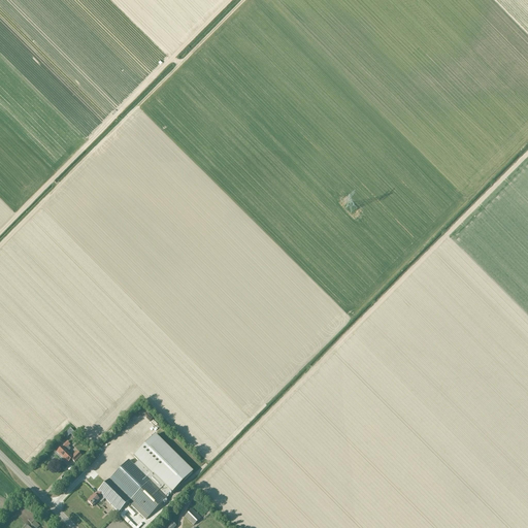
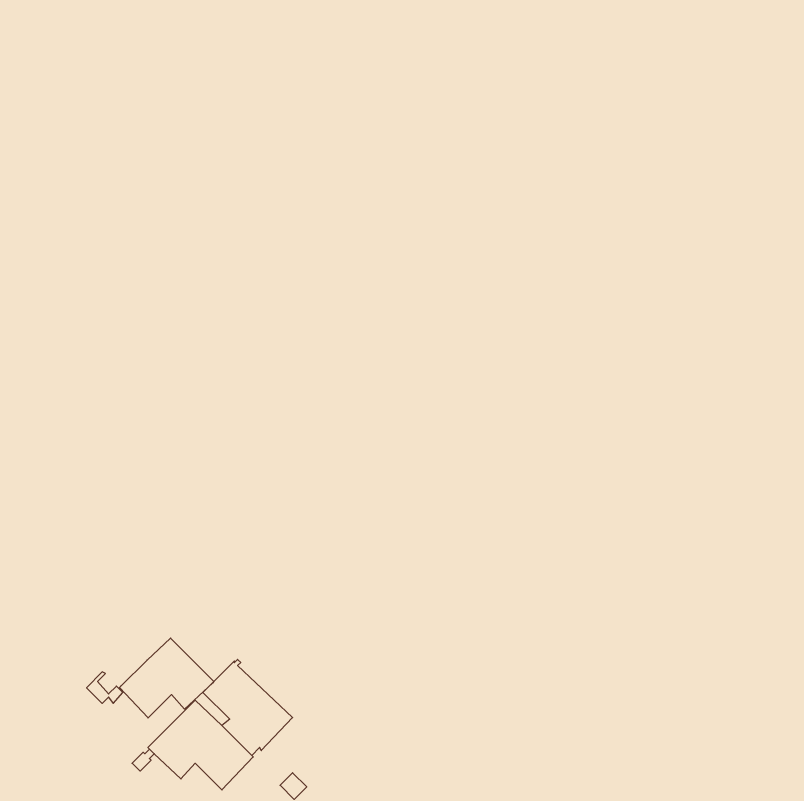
building: none -> [119,638,214,718]

